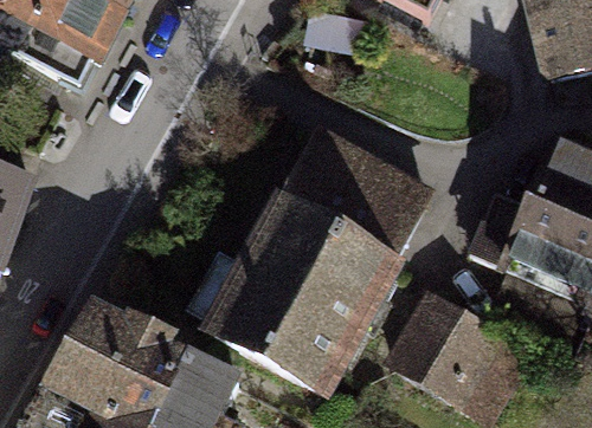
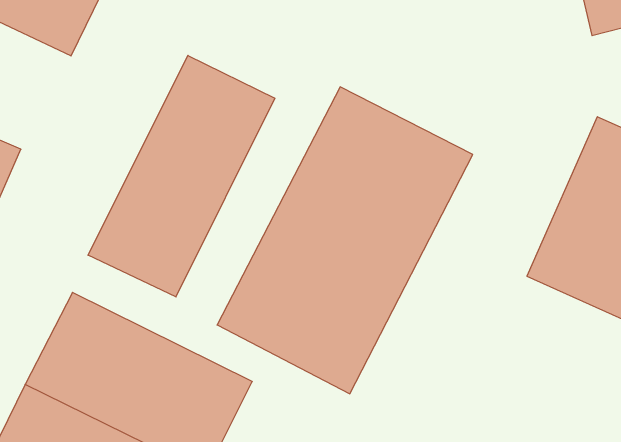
building: none -> [88,55,275,297]
building: [381,291,503,413] -> none

